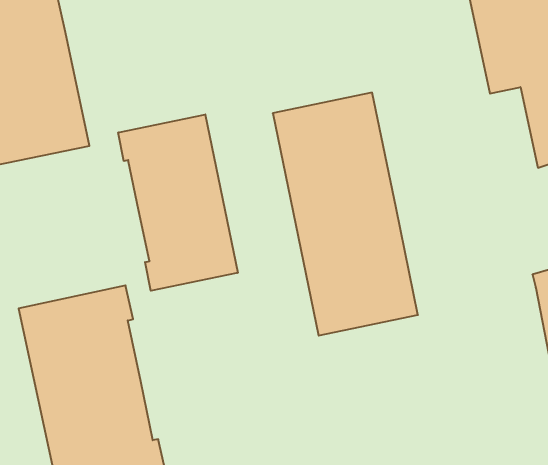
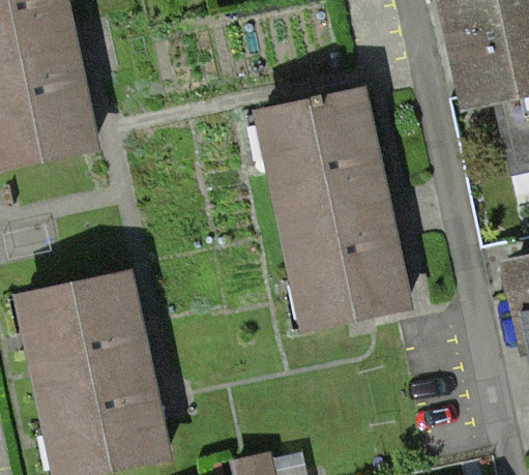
building: [118,114,238,291] -> none

